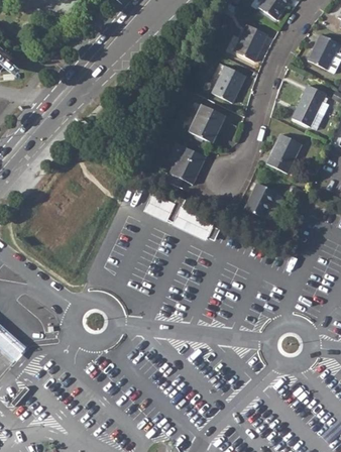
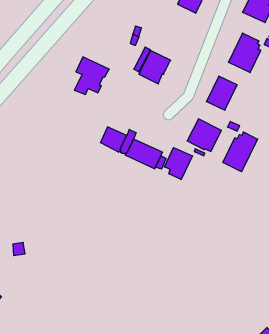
building: [212,65,245,102] -> none
building: [165,142,206,186] -> [74,57,109,94]
building: none -> [223,132,258,172]
building: none -> [164,148,192,180]

